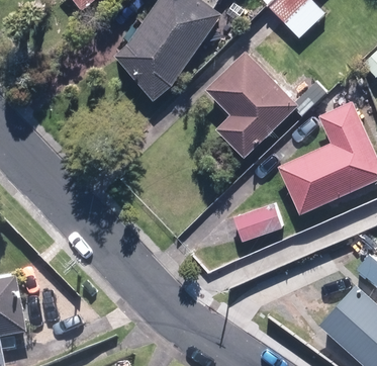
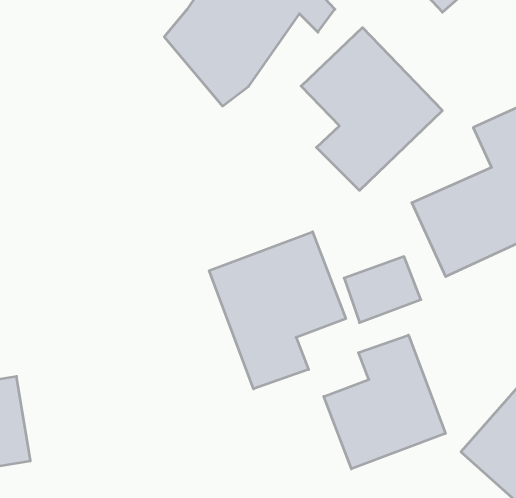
building: none -> [209,232,346,389]
building: none -> [324,335,445,469]

